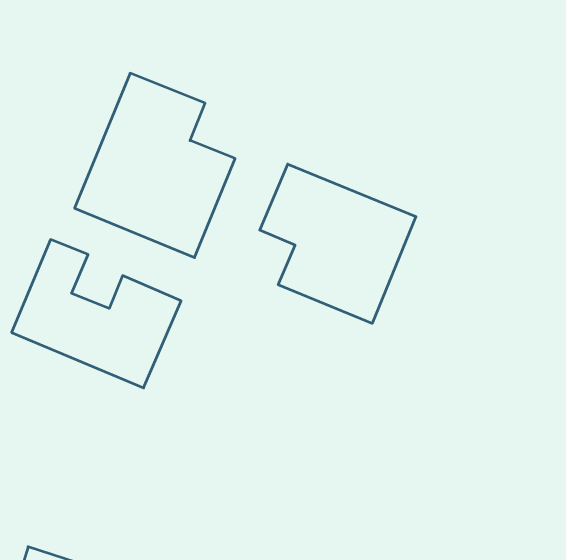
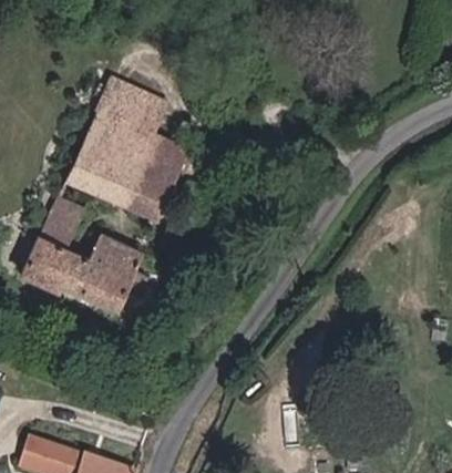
building: [260,164,416,323] -> none

